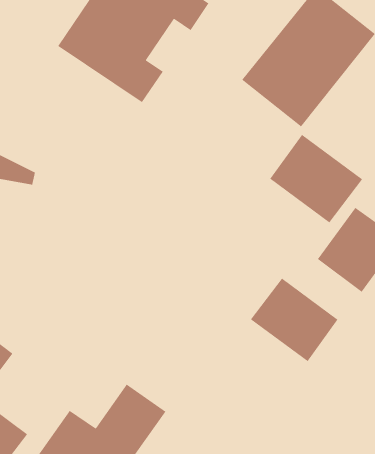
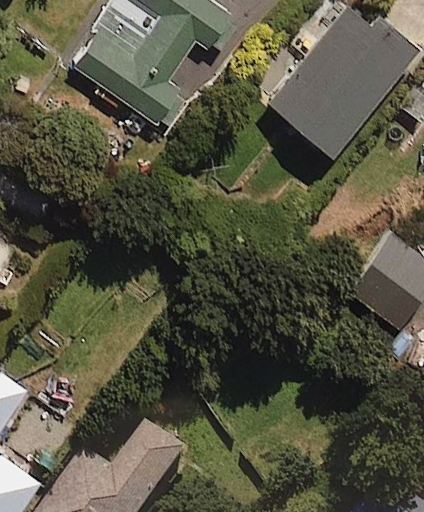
building: [269,134,363,224] -> none
building: [250,277,339,362] -> none

